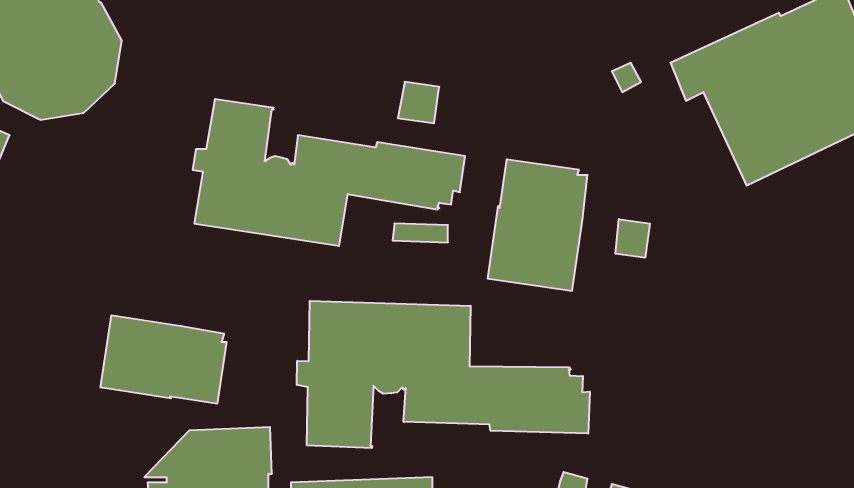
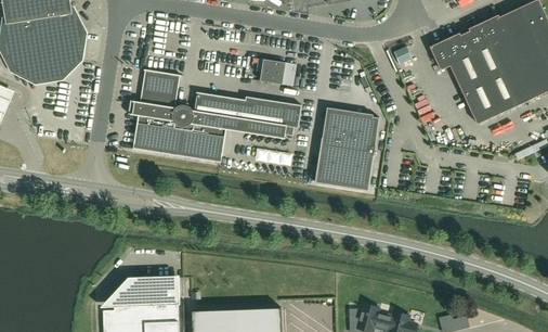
building: [615,219,650,258] -> none
building: [297,301,590,448] -> none
building: [100,315,227,404] -> none

